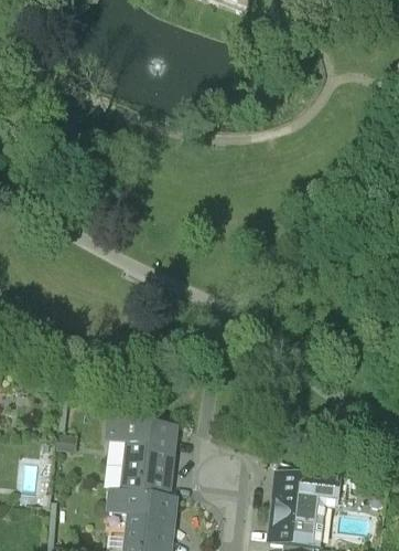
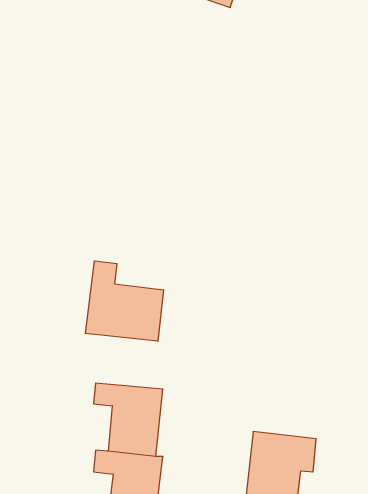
building: none -> [85,261,163,341]

